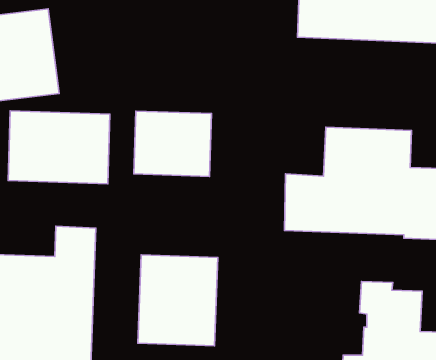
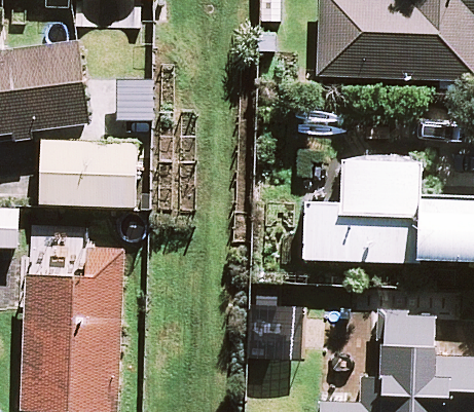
building: [134,111,211,176] -> none
building: [138,255,218,346] -> none

